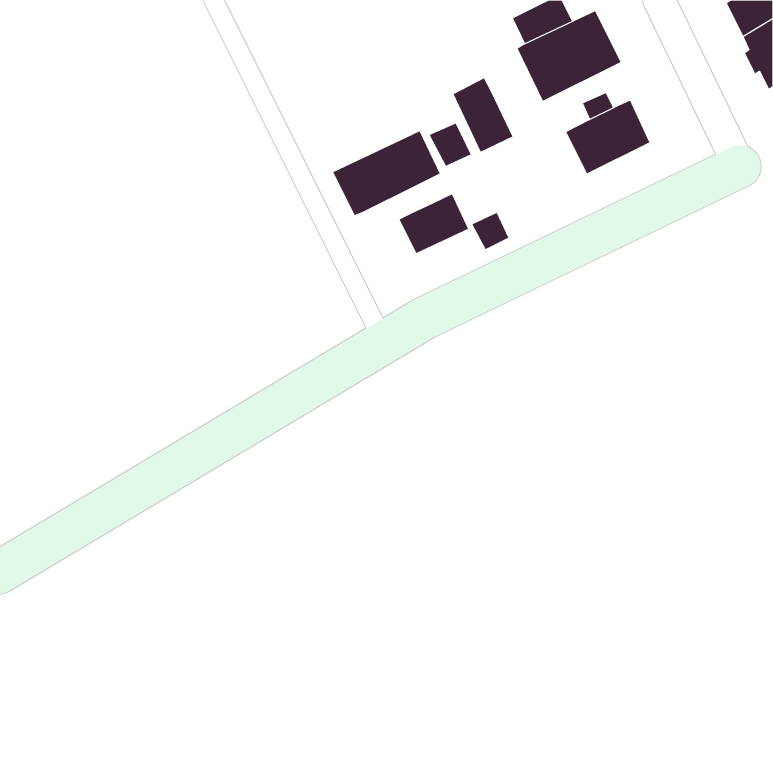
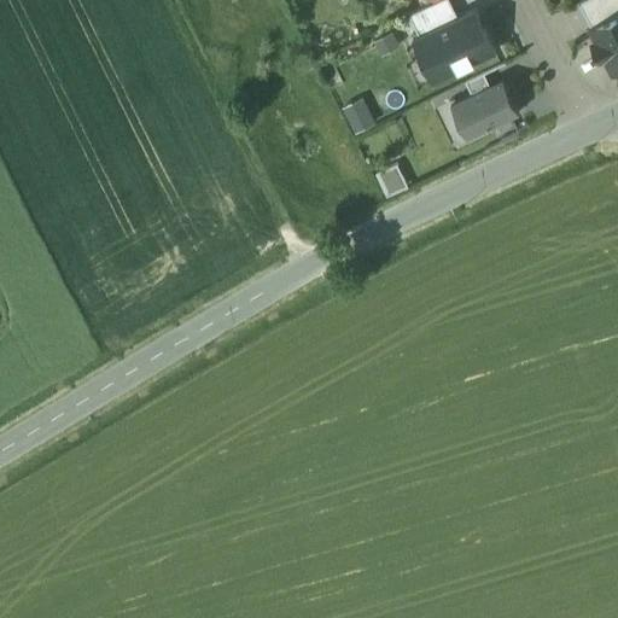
building: [453,77,513,152] -> none
building: [333,130,441,216] -> none
building: [399,194,469,254] -> none

